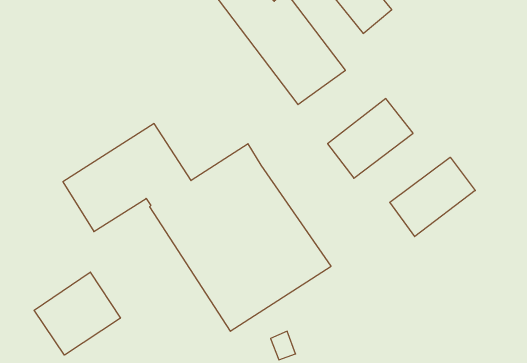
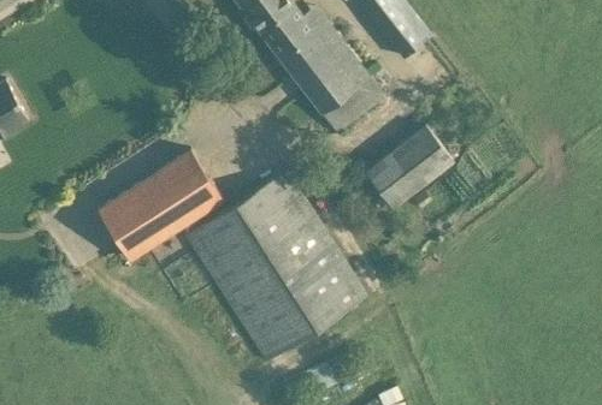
building: [390,157,475,237] -> none
building: [34,272,120,355] -> none

